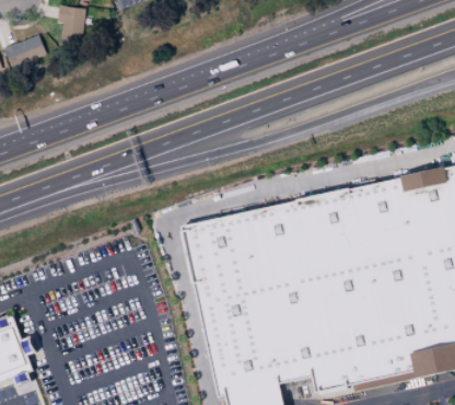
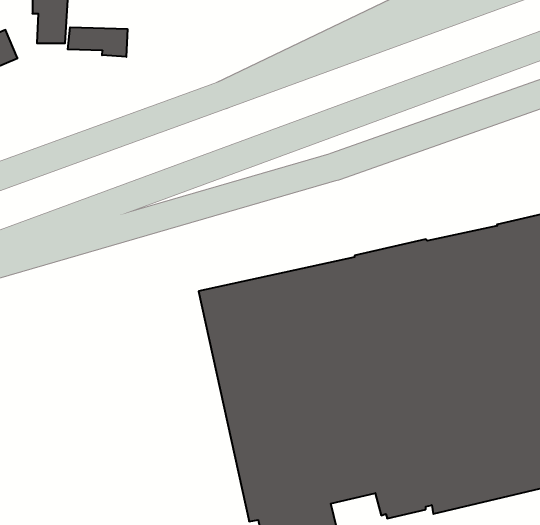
building: none -> [68,27,127,57]

